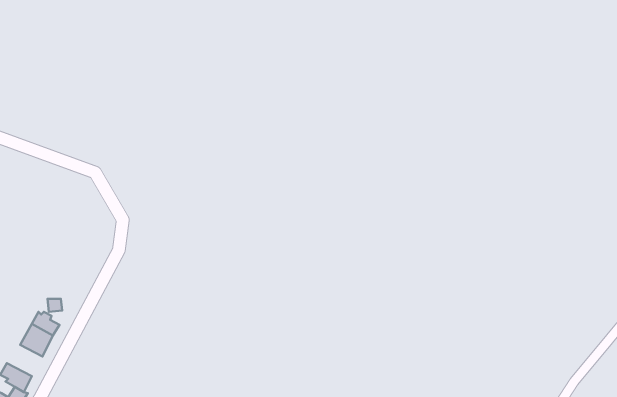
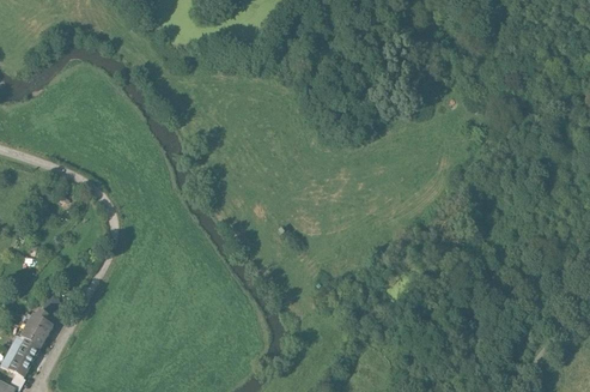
building: none -> [7,336,39,366]

